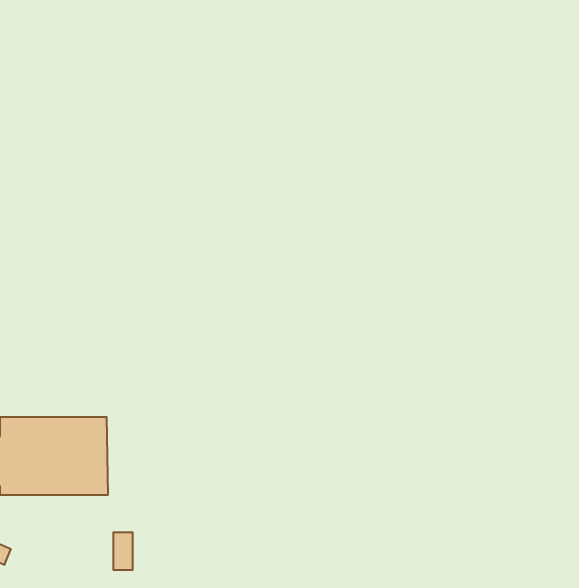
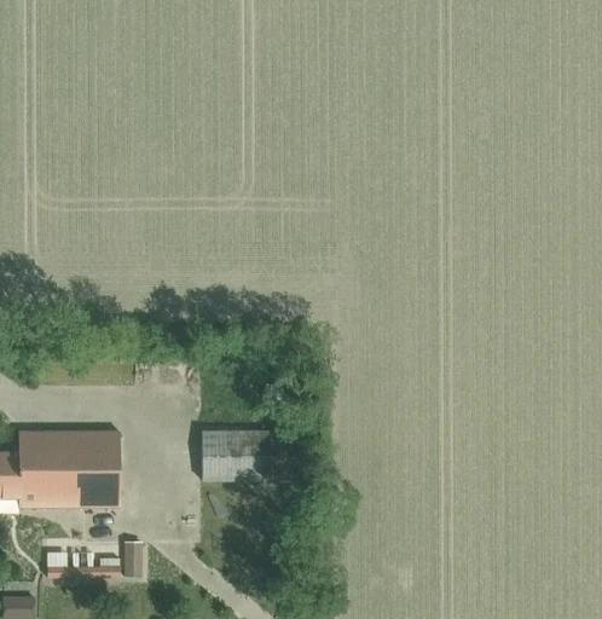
building: none -> [201,428,288,480]

